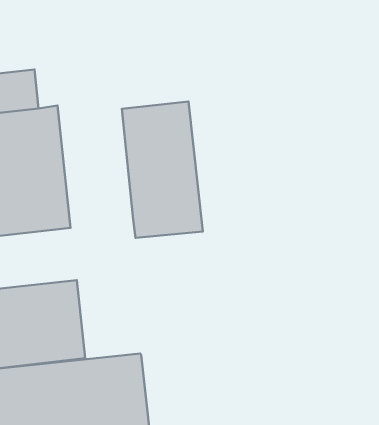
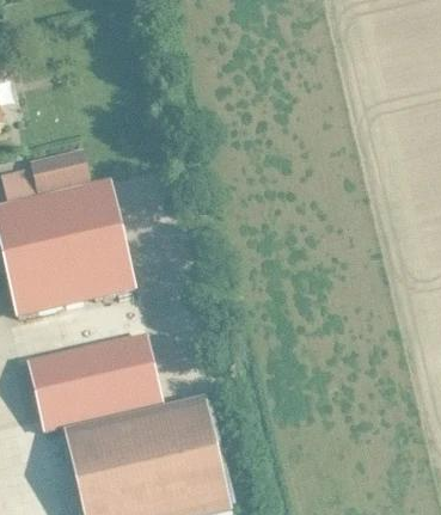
building: [122,101,203,238] -> none

